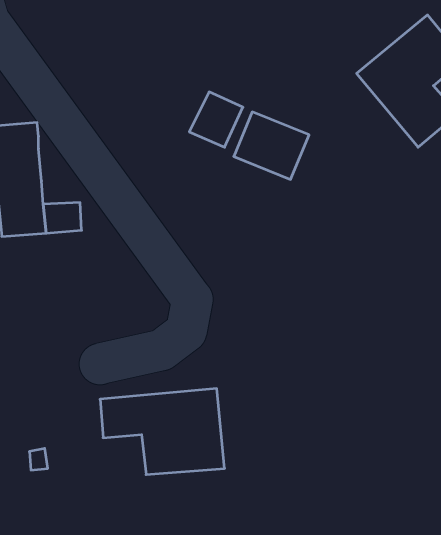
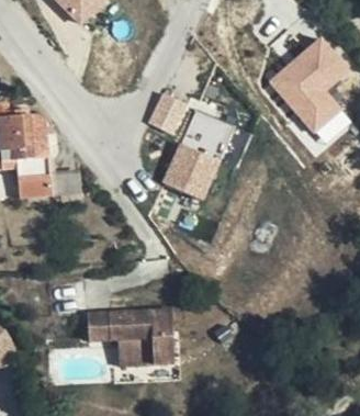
building: none -> [165,144,221,199]

